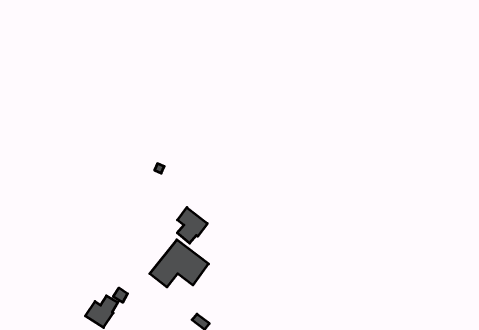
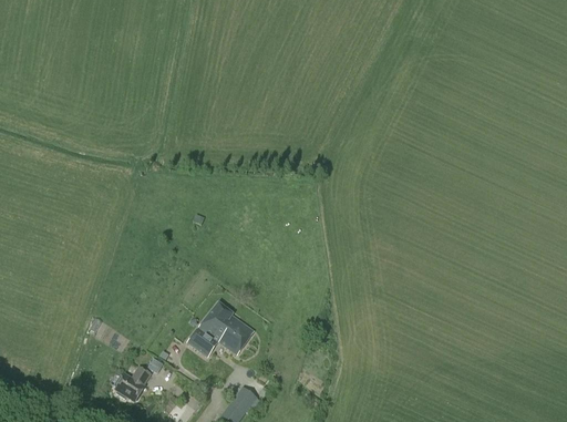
building: [177,207,207,243] -> none

